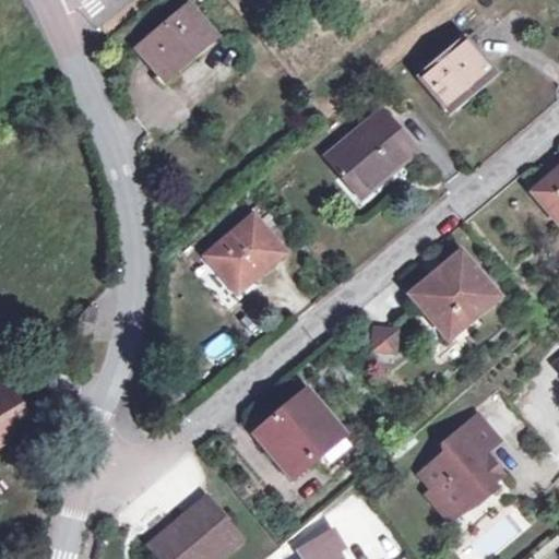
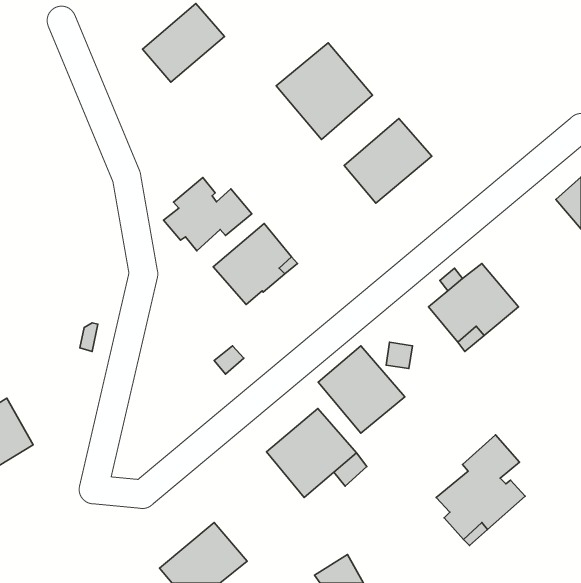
building: [423,38,493,108] -> none
building: none -> [276,43,373,139]
building: none -> [164,177,252,251]
building: none -> [318,346,405,433]

